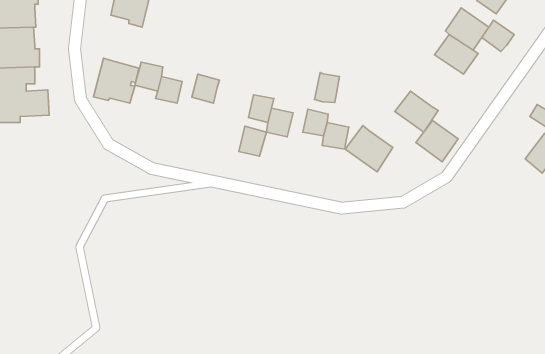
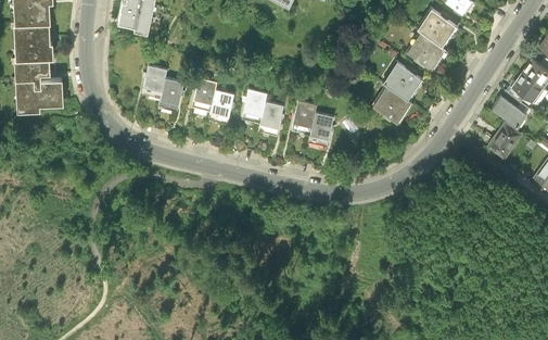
building: [482,20,514,51] -> none
building: [93,58,139,103] -> none
building: [314,72,339,103] -> none
building: [416,121,458,162] -> [383,67,421,104]
building: [345,126,393,172] -> none
building: [239,126,267,156] -> [208,87,233,114]

